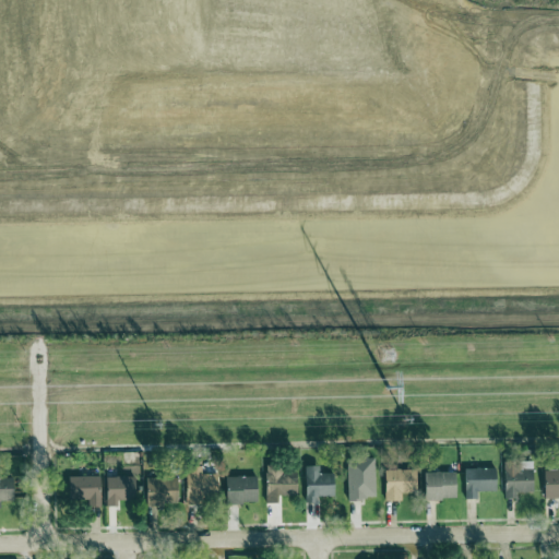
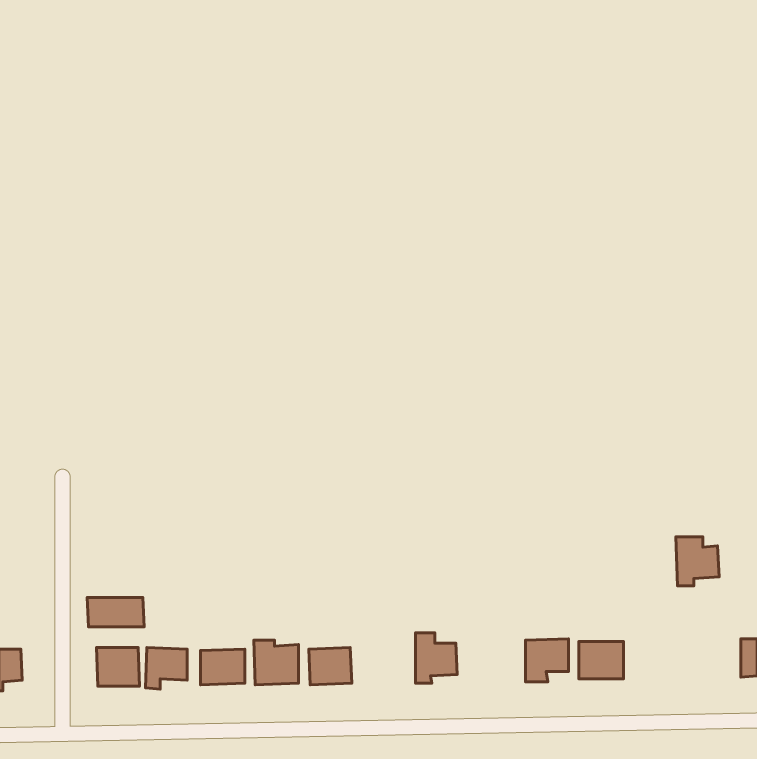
building: none -> [87,597,144,627]
building: [348,459,377,499] -> none
building: [503,462,535,498] -> [676,537,719,586]
building: [265,463,299,503] -> none
building: [465,467,499,499] -> none

